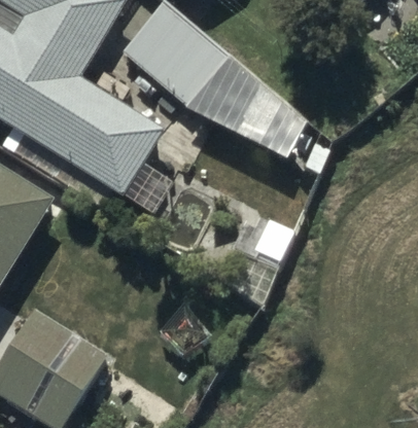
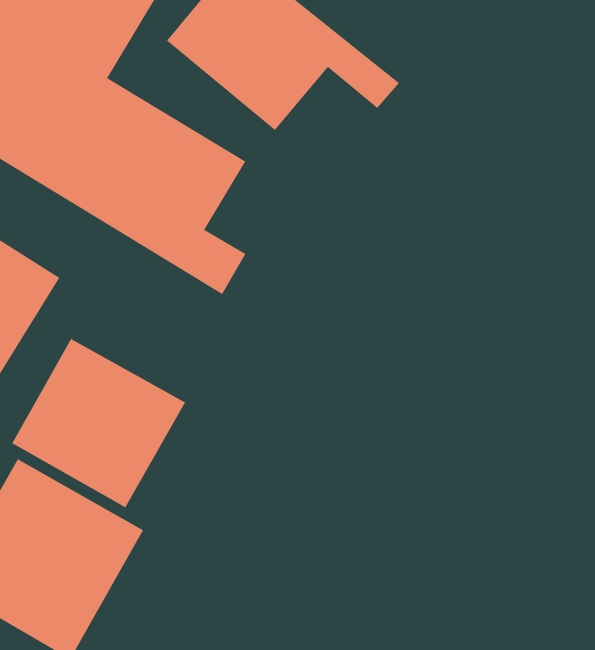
building: none -> [12,338,186,508]

